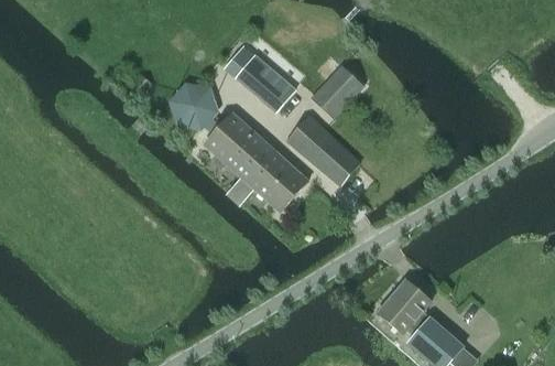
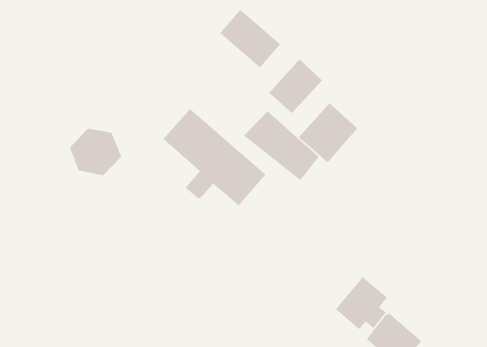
building: [233,54,295,114] -> [219,9,281,69]
building: [176,86,229,134] -> [69,128,122,176]
building: none -> [298,103,358,163]

